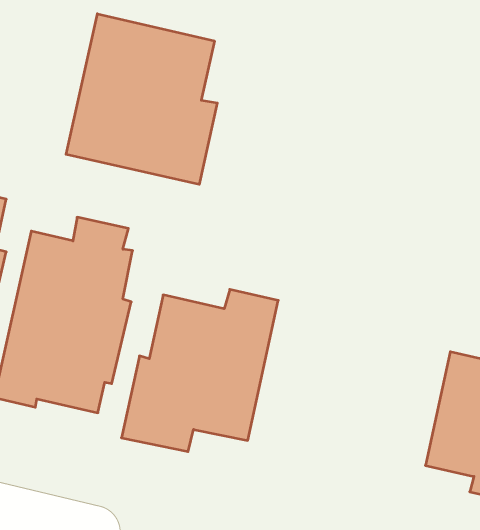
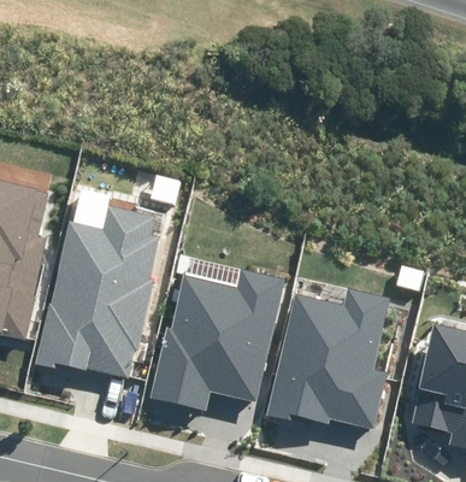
building: [66,14,217,184] -> none
building: none -> [265,287,389,427]

